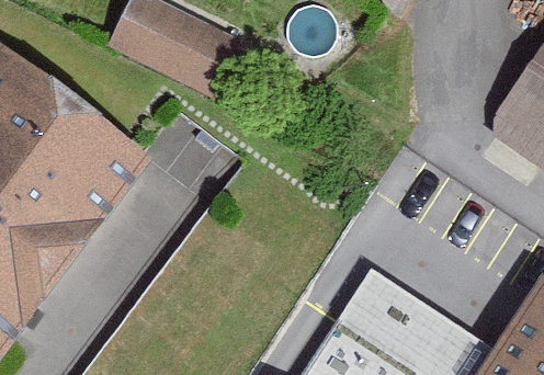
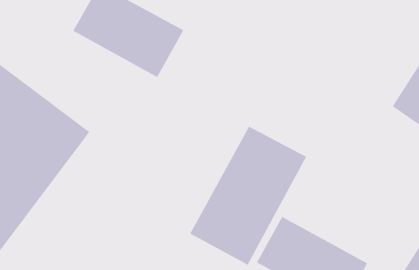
building: none -> [189,126,307,265]

